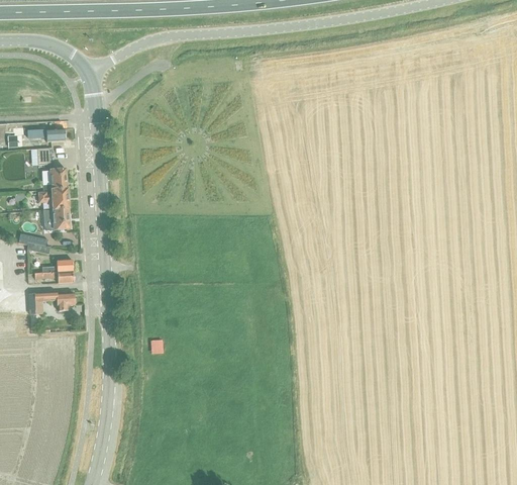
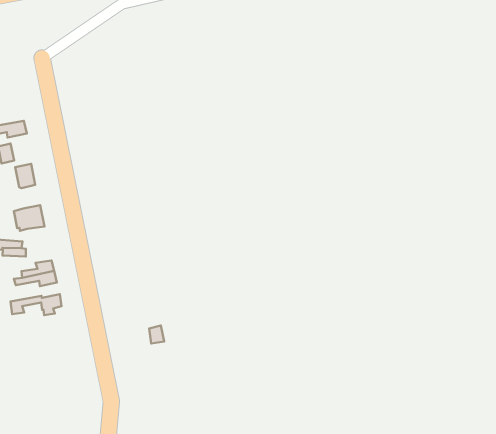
building: [37,189,69,209] -> none

